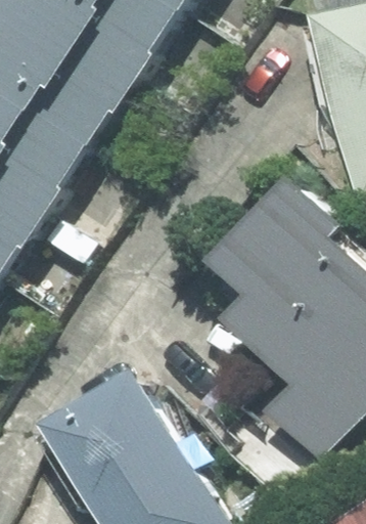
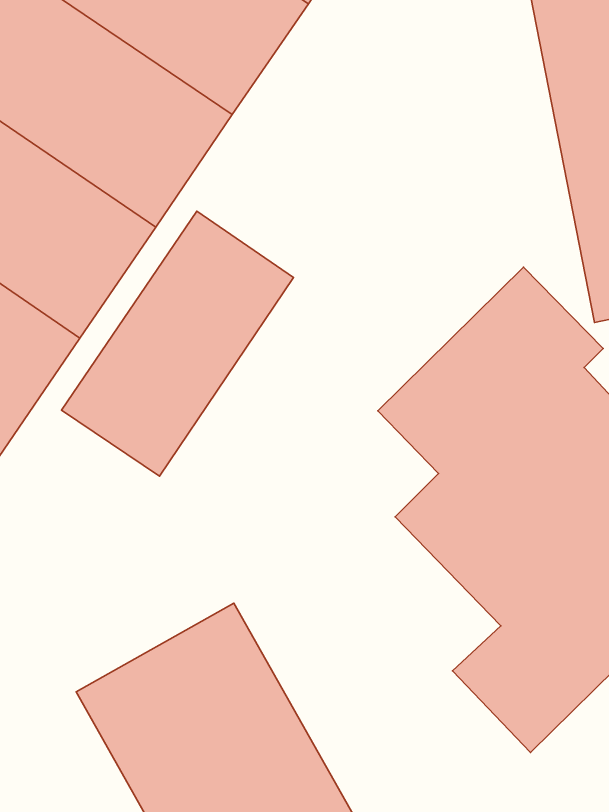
building: none -> [62,211,294,476]

